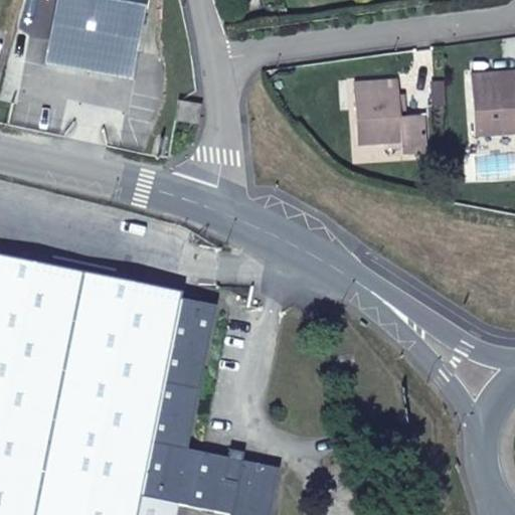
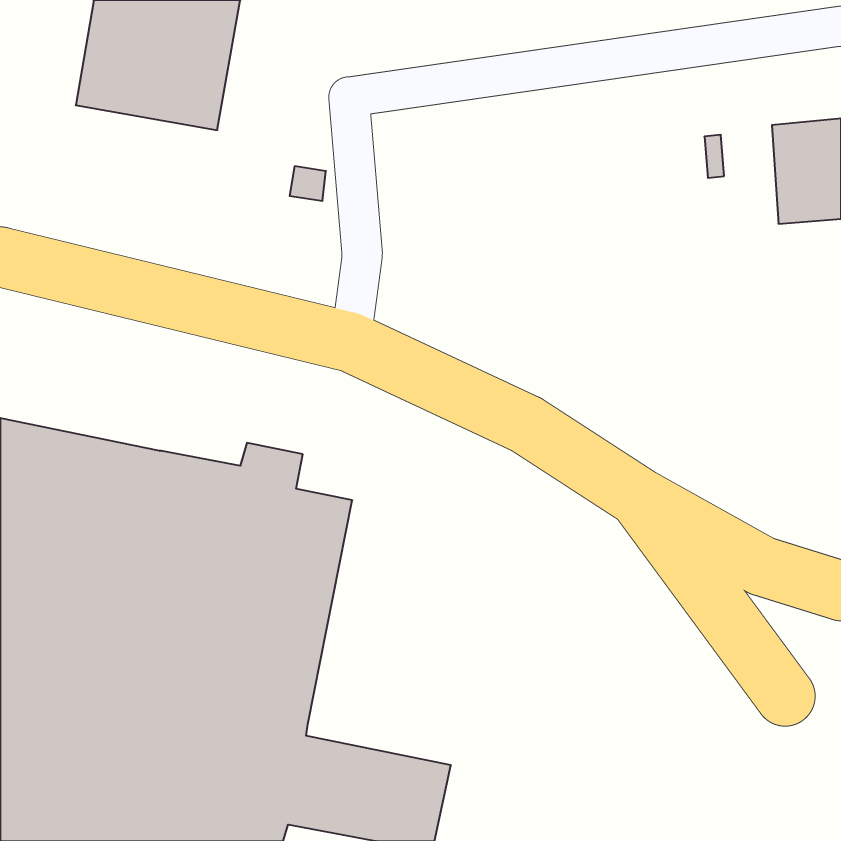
building: [354,81,424,154] -> none

